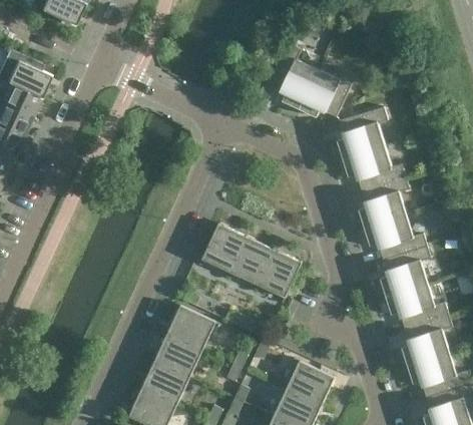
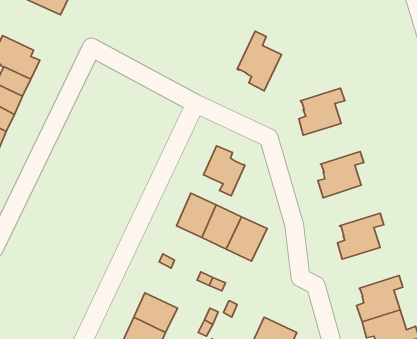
building: [299,68,356,117] -> none
building: [342,145,405,190] -> none
building: none -> [203,146,245,196]
building: [364,214,427,259] -> none
building: [385,283,448,328] -> none
building: [166,305,215,350] -> none

